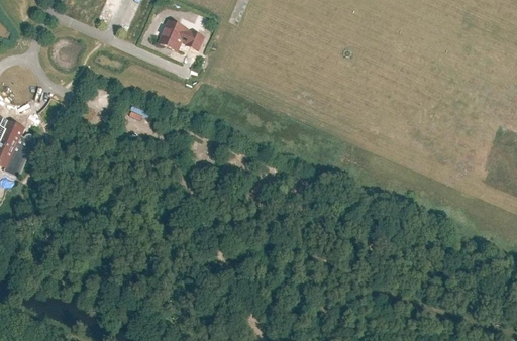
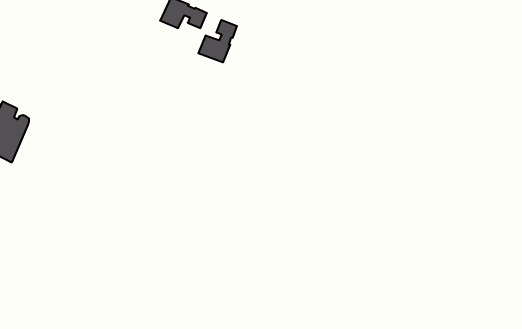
building: none -> [198,20,237,62]

